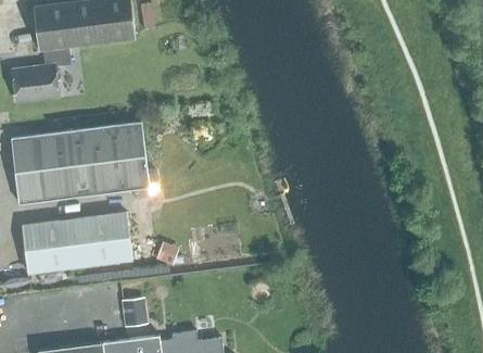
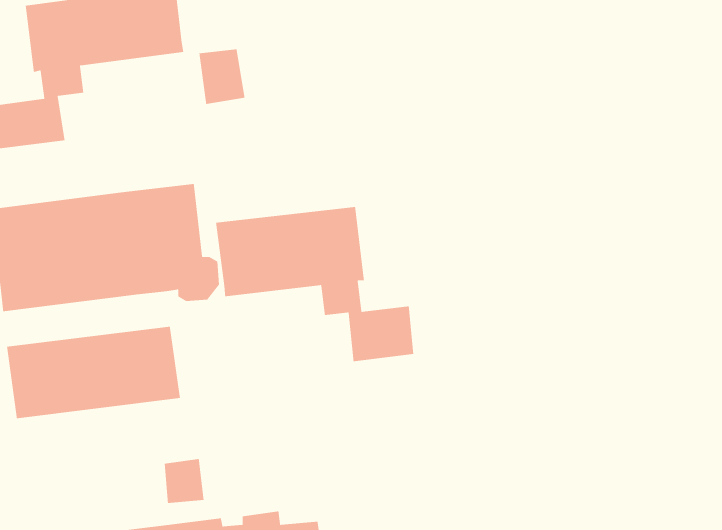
building: none -> [198,49,245,105]
building: none -> [215,206,414,362]

